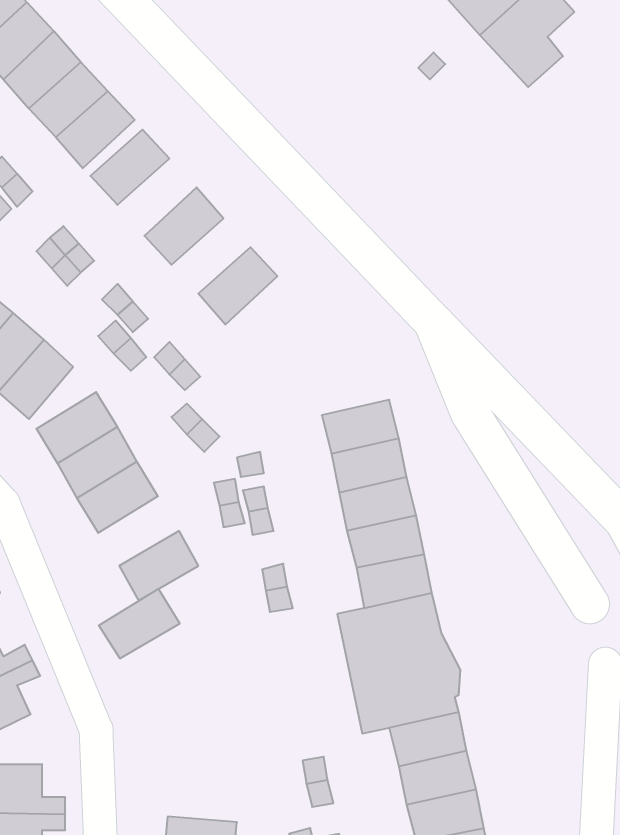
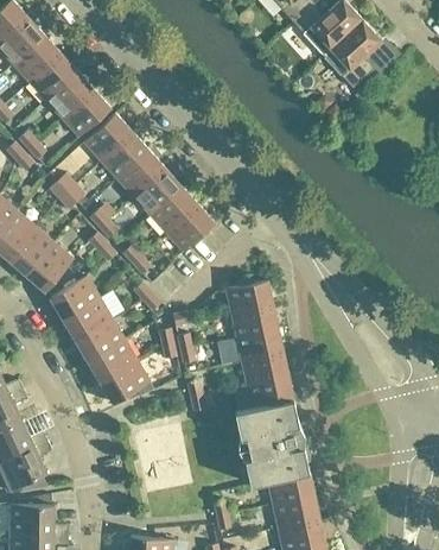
building: none -> [100,132,148,179]
building: none -> [133,169,182,215]
building: none -> [166,204,215,252]
building: [99,589,180,658] -> [88,340,138,383]

